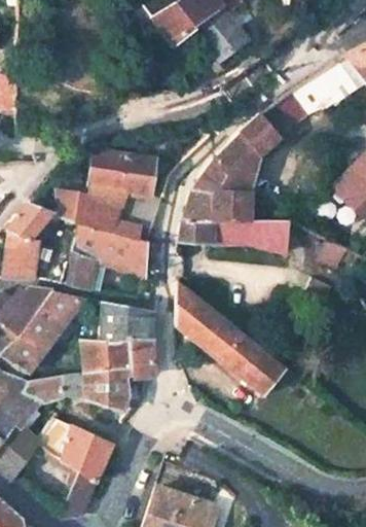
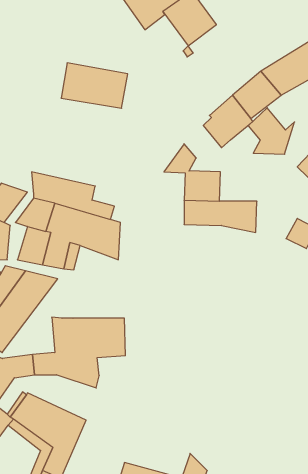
building: [213,143,260,190] -> [248,108,295,154]
building: [88,147,156,194] -> [61,63,128,108]
building: [177,190,214,244] -> none
building: [173,279,286,395] -> none
building: [100,303,152,340] -> none

